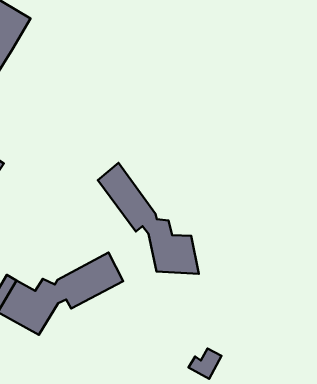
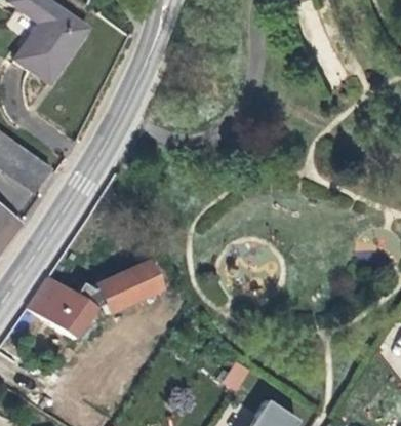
building: [98,163,199,274] -> none

